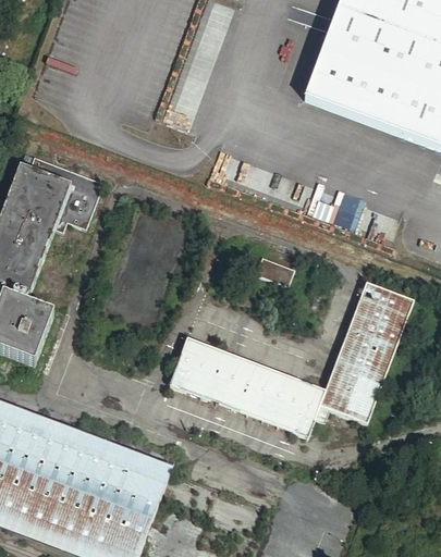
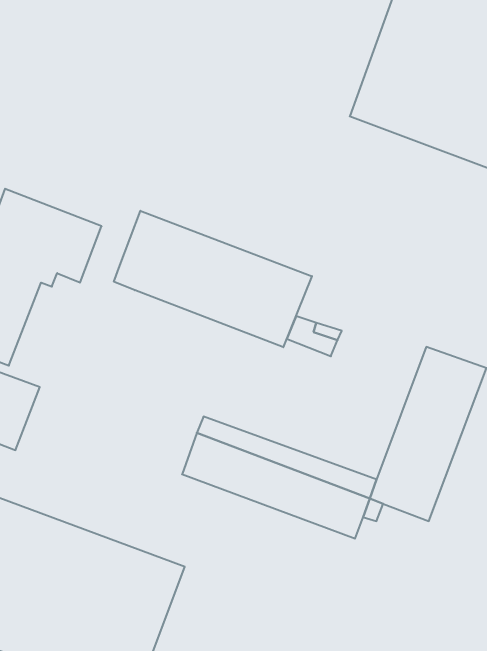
building: none -> [114,211,312,347]

